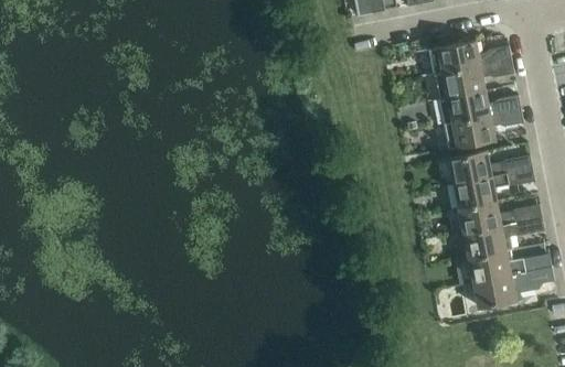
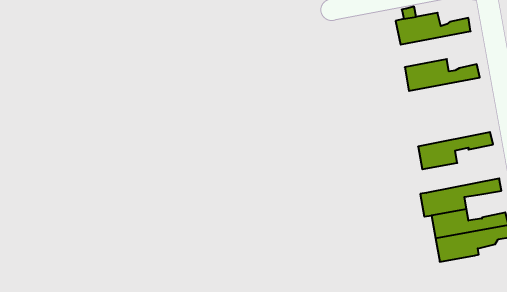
building: [436,61,514,99] -> none
building: [445,110,523,150] -> none
building: [449,151,532,184] -> none
building: [459,202,542,234] -> none

